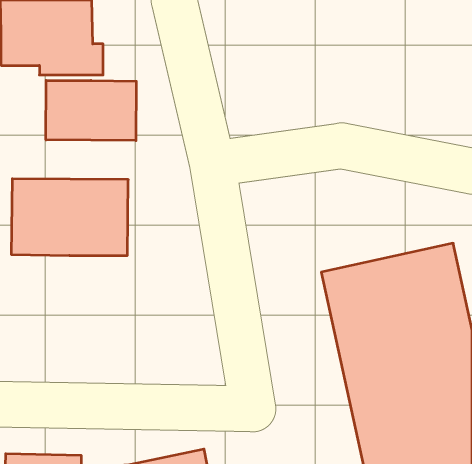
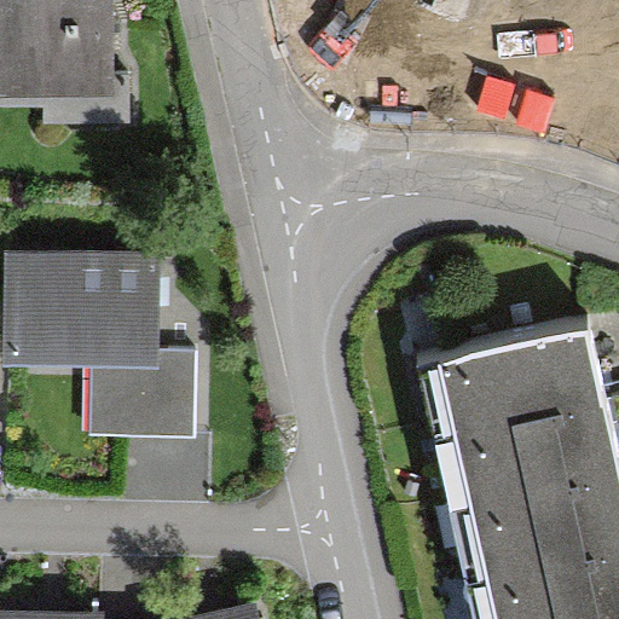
building: [46,80,136,141] -> none
building: none -> [88,348,197,436]

